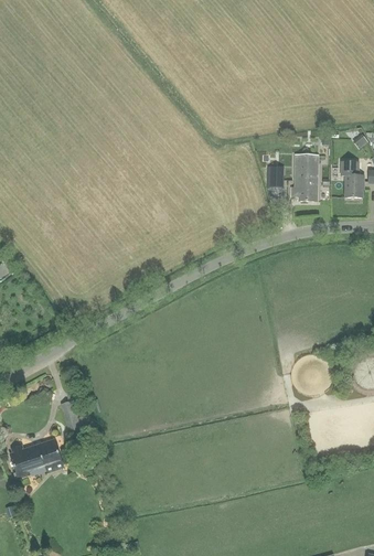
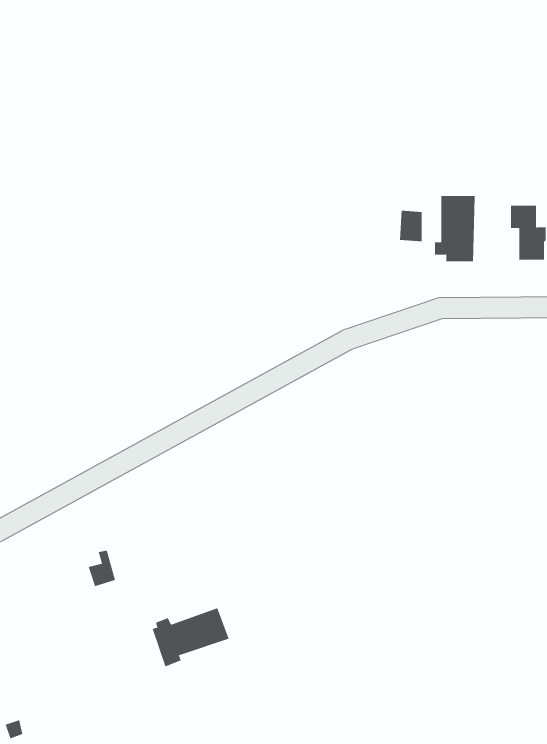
building: [10,439,62,479] -> [152,607,230,667]

